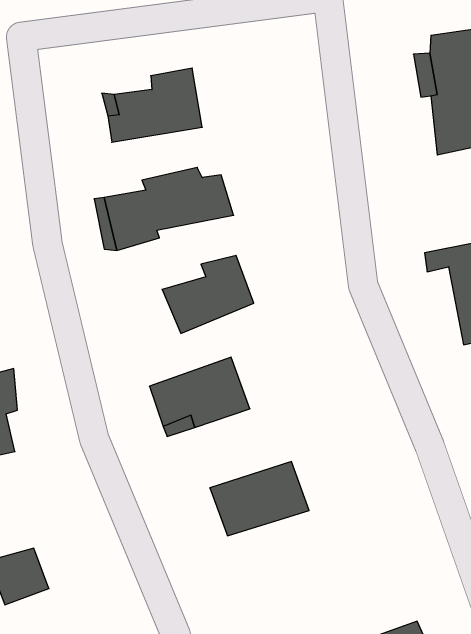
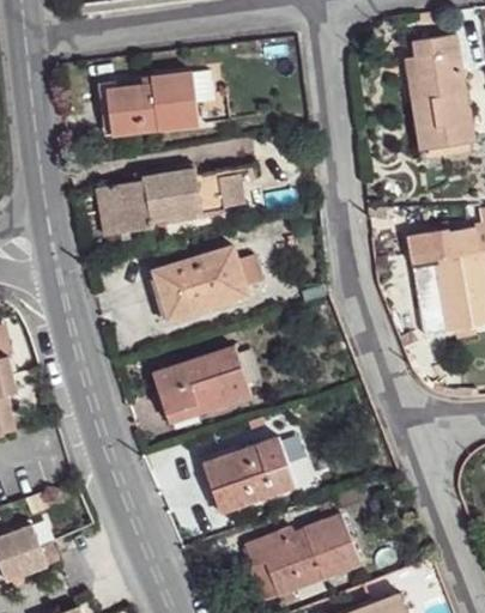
building: none -> [240,511,354,591]

